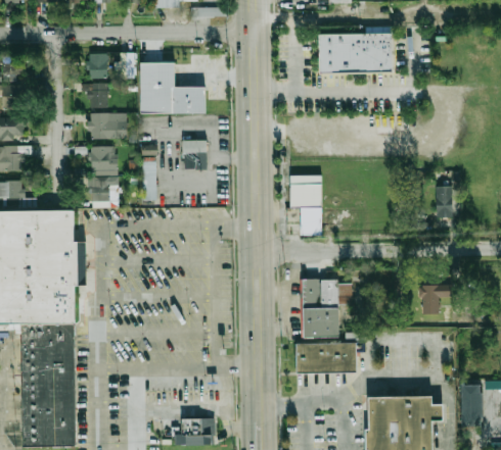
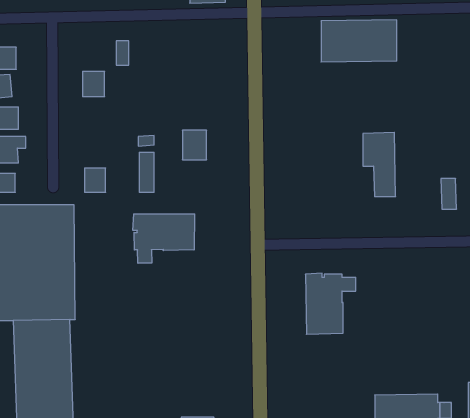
building: [89,53,107,78] -> none
building: [141,61,206,113] -> none
building: [87,113,118,139] -> none
building: [90,145,118,173] -> none
building: [289,173,321,236] -> [363,132,396,197]
building: none -> [133,214,195,263]
building: [417,285,450,312] -> none
building: [297,343,357,372] -> none

